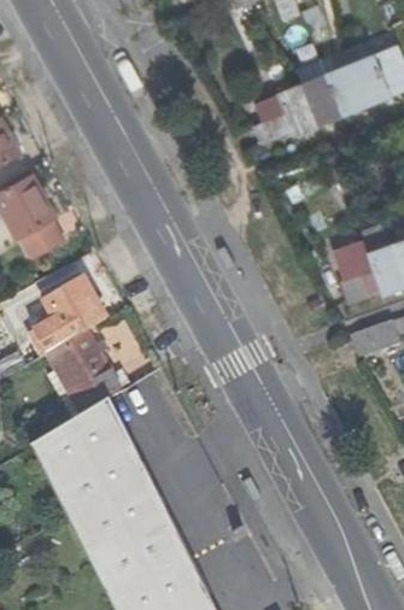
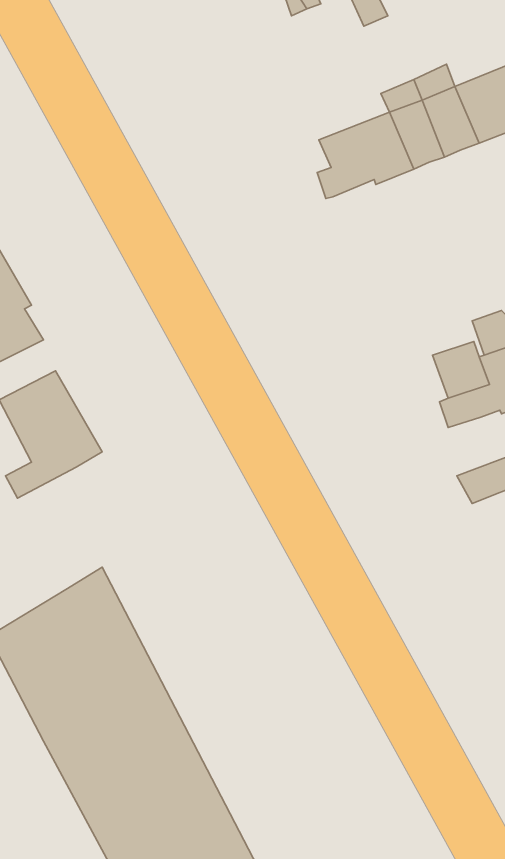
building: [47,329,127,415] -> none

